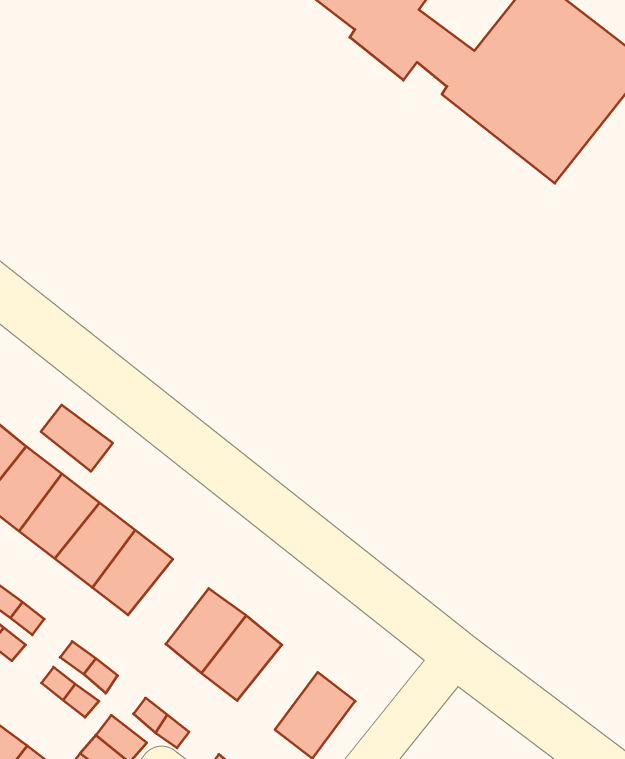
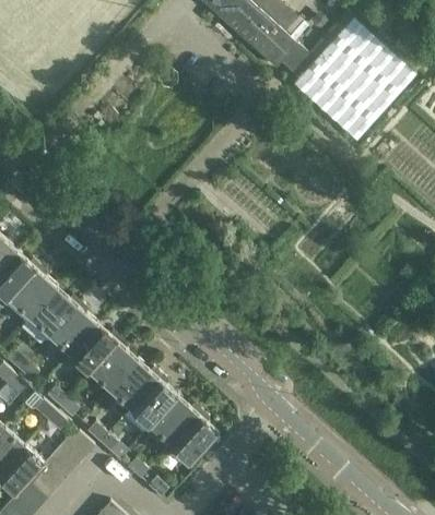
building: [41,405,113,471] -> none
building: none -> [89,343,137,392]
building: none -> [149,397,197,446]

